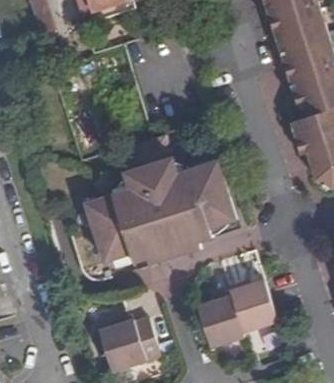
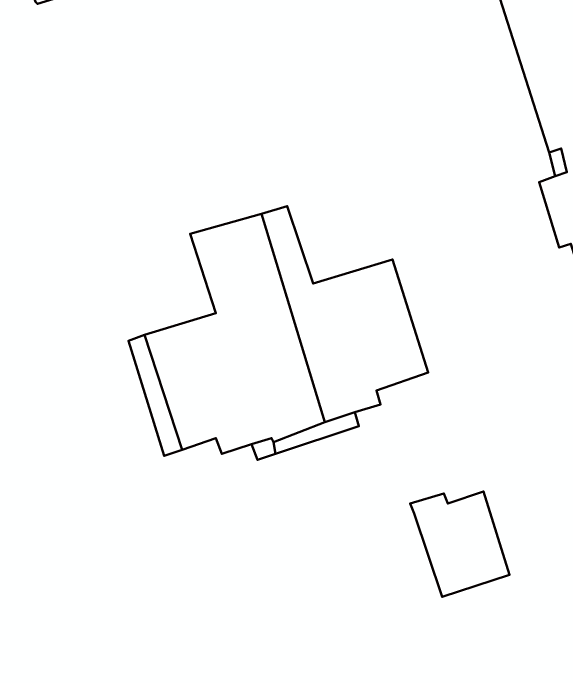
building: [197,293,245,352] -> none
building: [98,311,157,367] -> none

